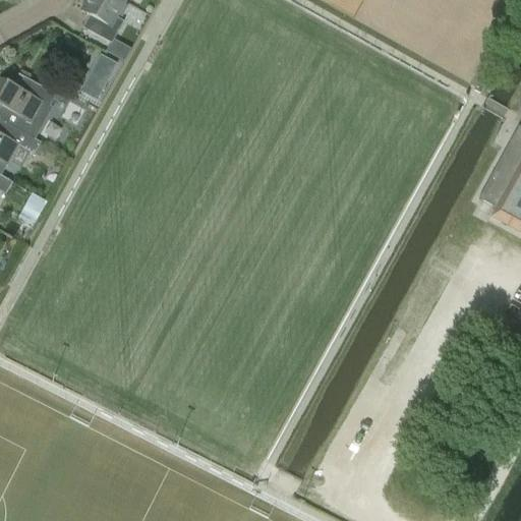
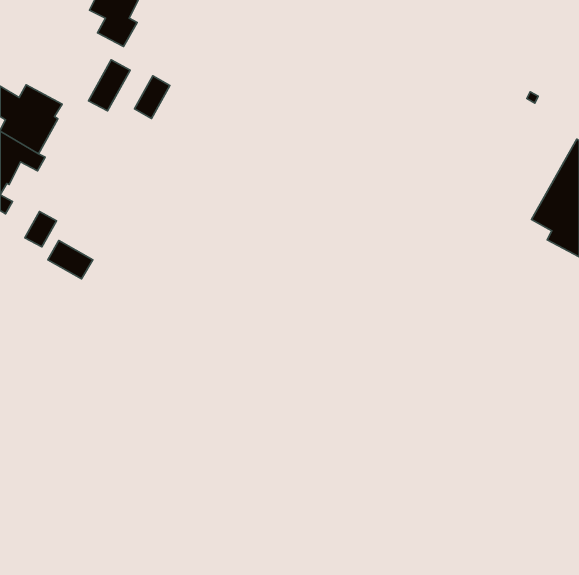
building: none -> [135,76,170,119]
building: none -> [48,241,93,279]

